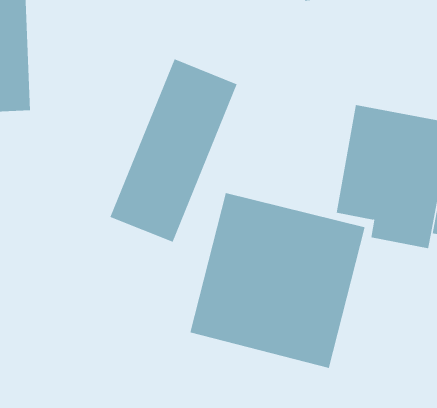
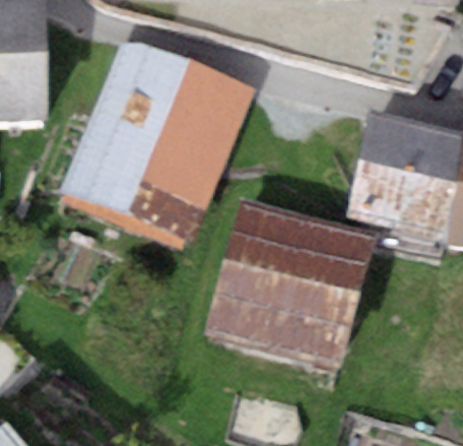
building: none -> [60,37,188,220]

